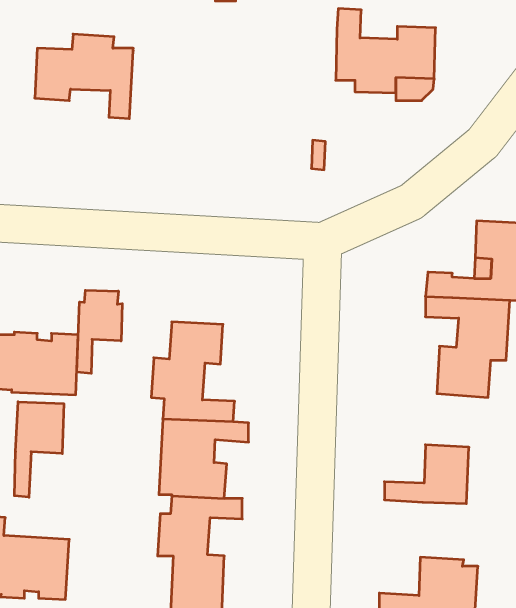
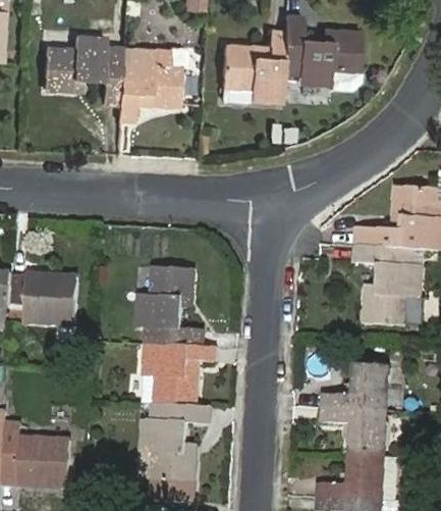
building: none -> [222,31,284,101]
building: none -> [118,42,188,119]
building: [77,290,122,373] -> none
building: [14,402,64,497] -> none
building: none -> [321,407,387,455]

